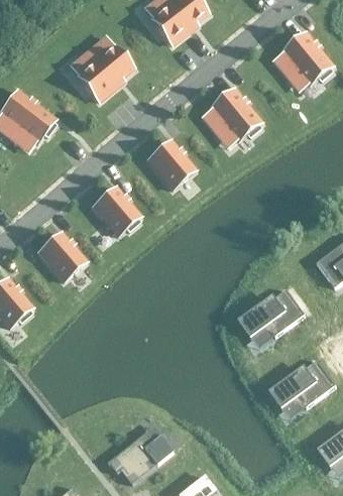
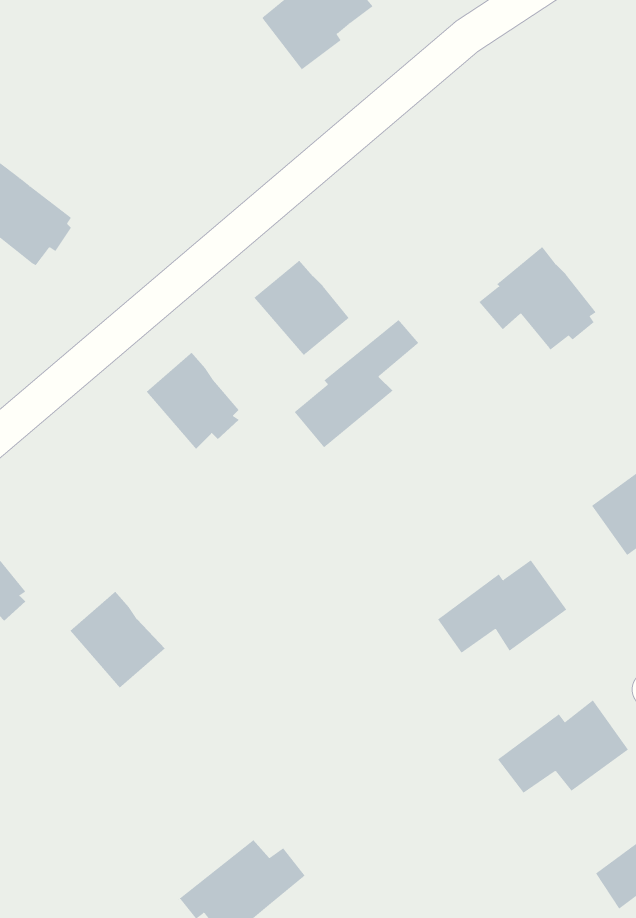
building: [273,32,332,85] -> none
building: [75,36,131,101] -> none
building: [202,89,261,141] -> [479,246,596,350]
building: none -> [294,319,419,448]
building: [36,232,85,281] -> [70,591,165,689]

